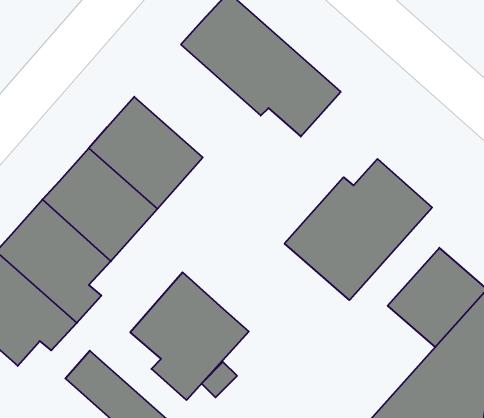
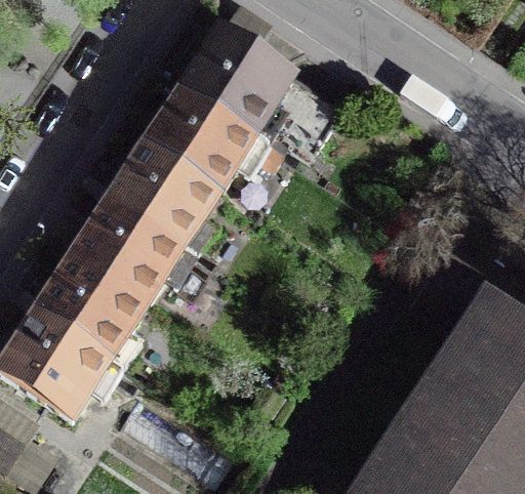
building: none -> [142,91,265,196]
building: [285,159,432,300] -> none
building: [130,272,249,400] -> none

